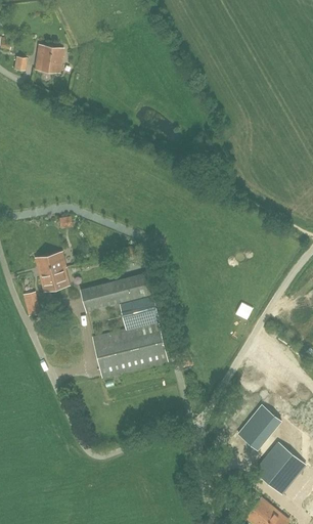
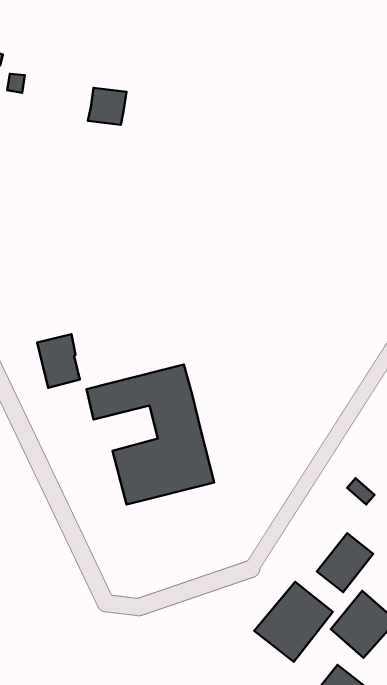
building: [34,45,62,73] -> [88,88,126,125]
building: none -> [254,582,333,662]

